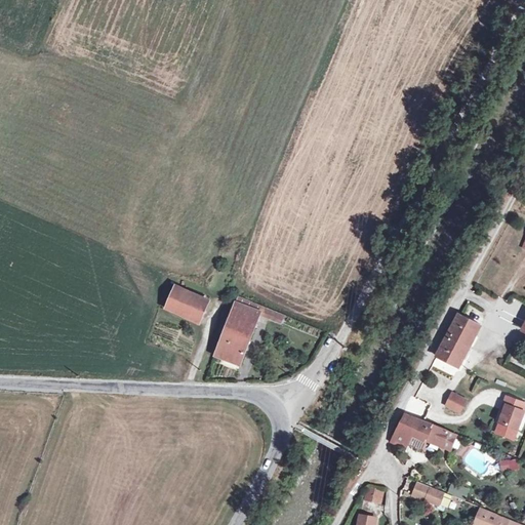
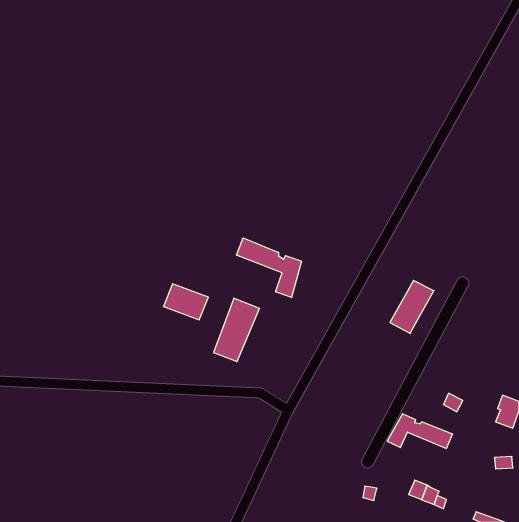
building: none -> [237,238,301,298]
building: [435,316,479,369] -> [390,280,434,334]

